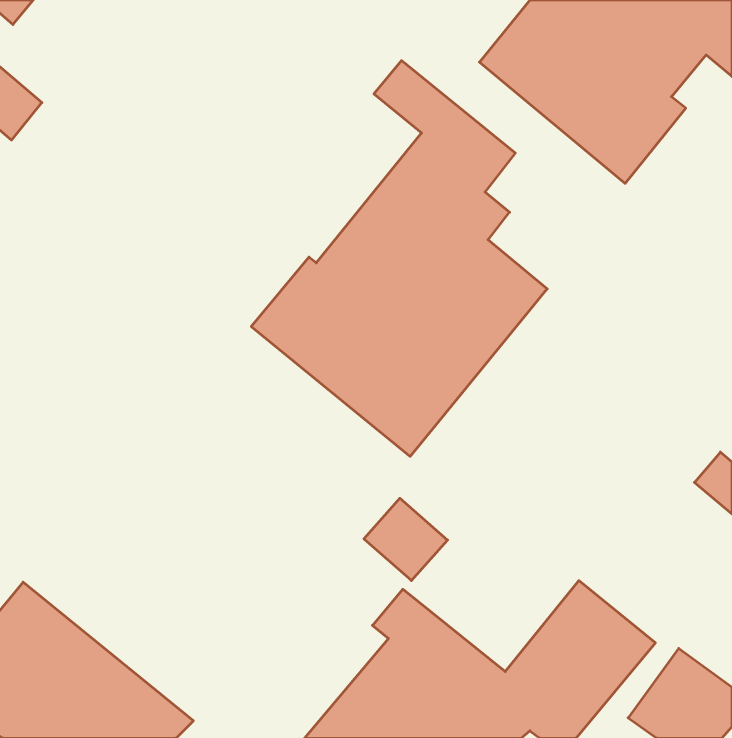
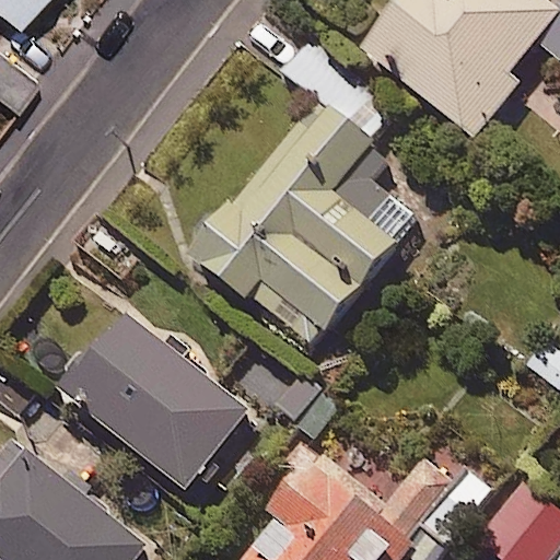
building: none -> [56,310,248,491]

